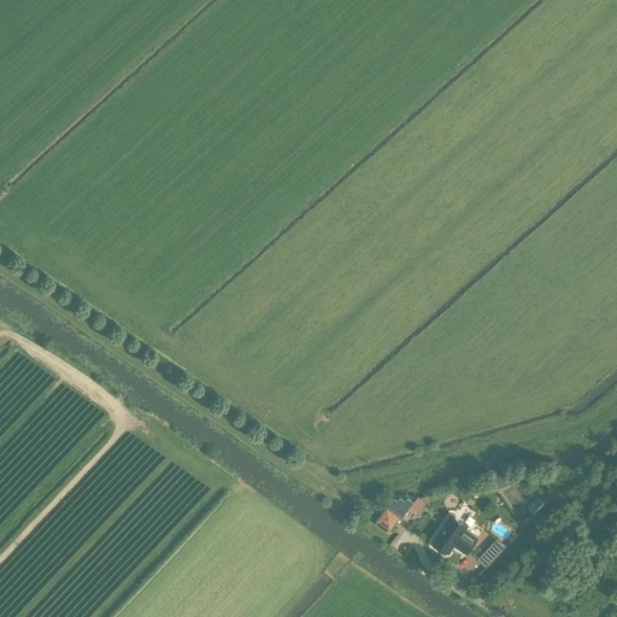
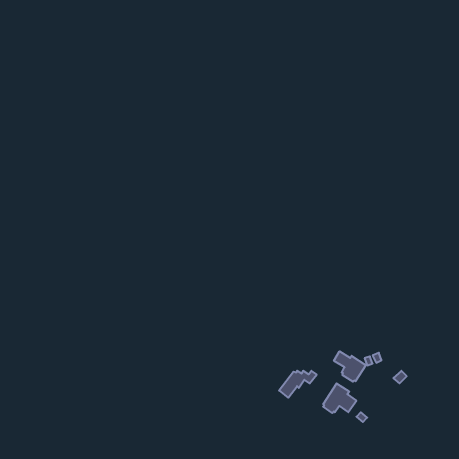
building: none -> [334,351,366,382]

